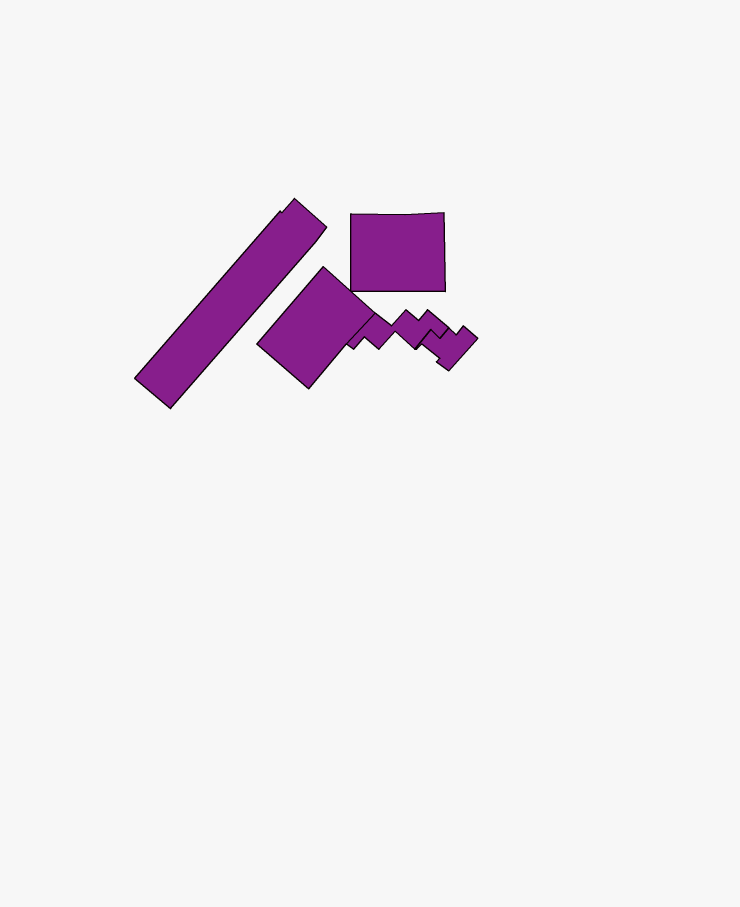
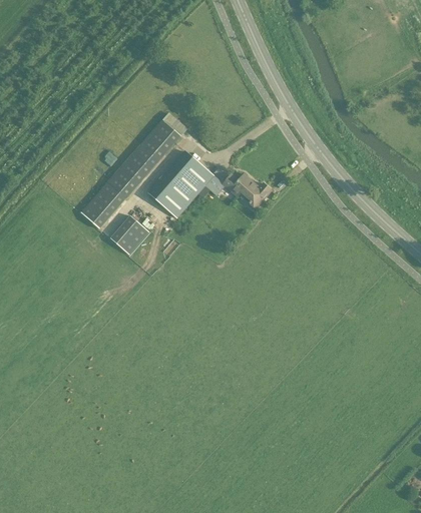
building: [351,213,445,292] -> none
building: none -> [112,217,149,254]

